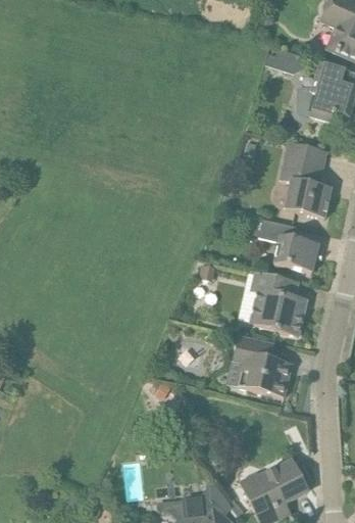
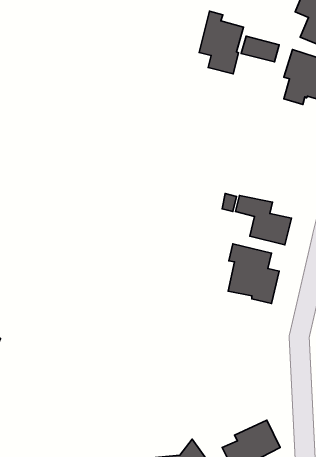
building: none -> [199,11,244,74]
building: [282,142,332,217] -> none
building: [233,333,292,395] -> none

